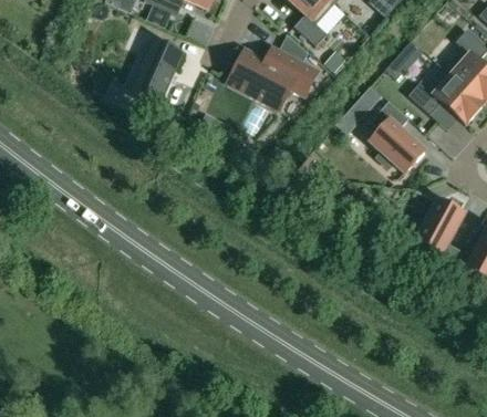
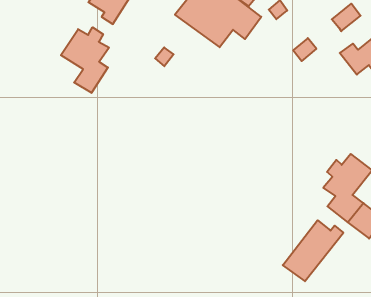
building: [371,101,425,173] -> none
building: none -> [61,27,109,93]
building: none -> [283,220,343,281]

